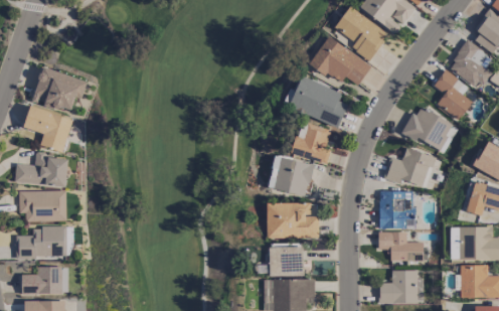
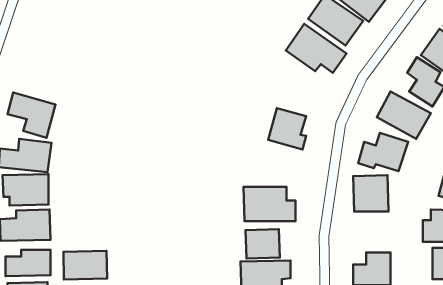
building: [32,65,88,113] -> none
building: [289,75,348,127] -> none
building: [269,155,314,196] -> none
building: [378,231,424,261] -> none
building: none -> [64,251,107,280]

